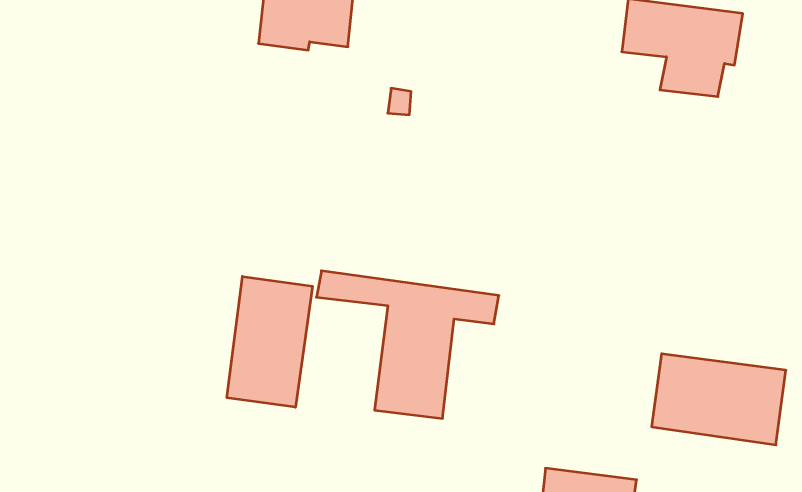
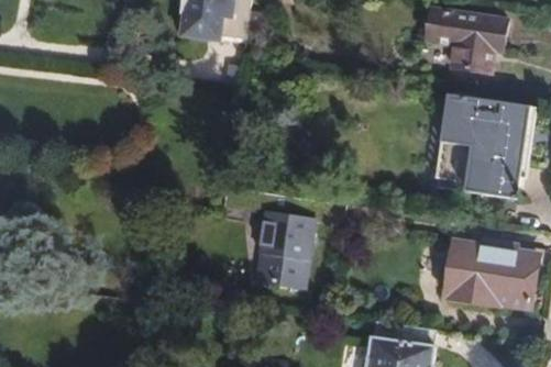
building: none -> [433,94,524,199]
building: [227,276,312,407] -> none

